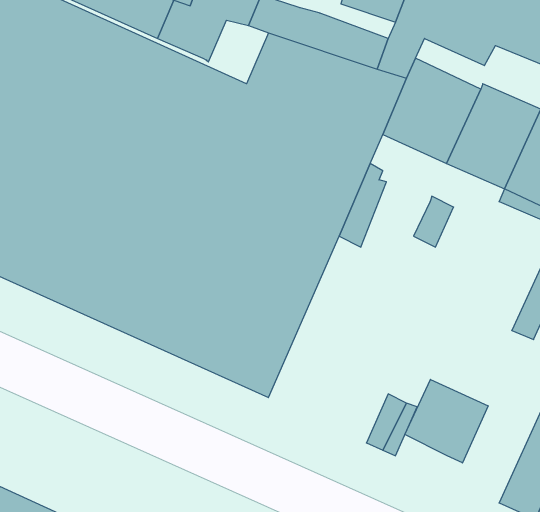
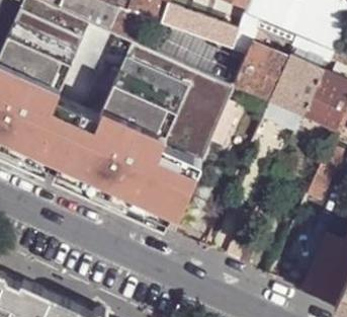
building: [405,379,488,463] -> none

